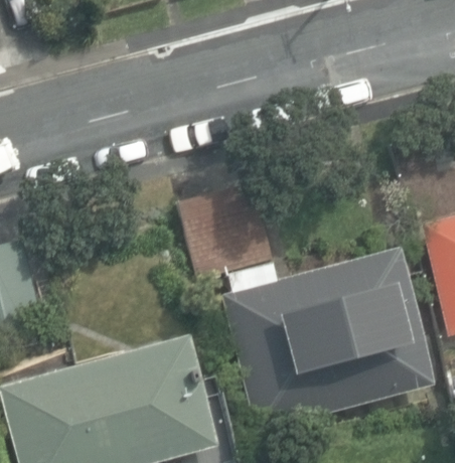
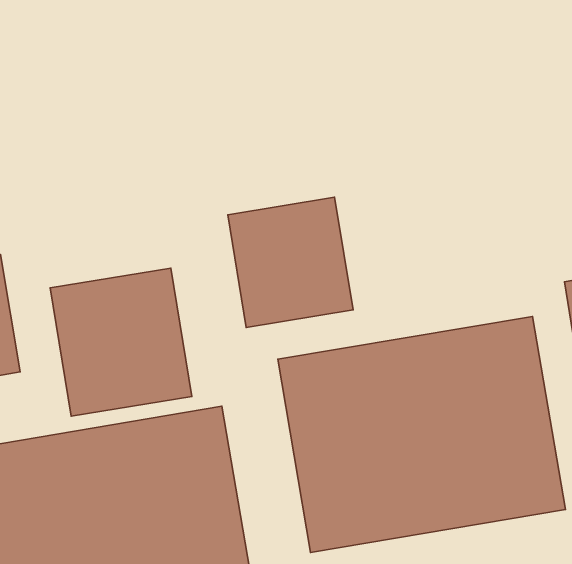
building: none -> [50,268,192,416]

